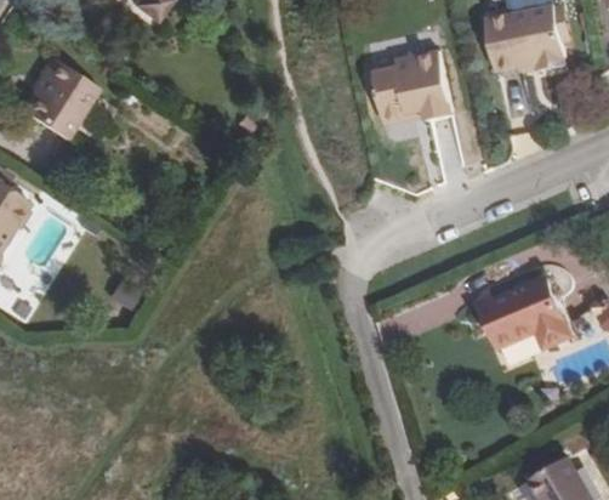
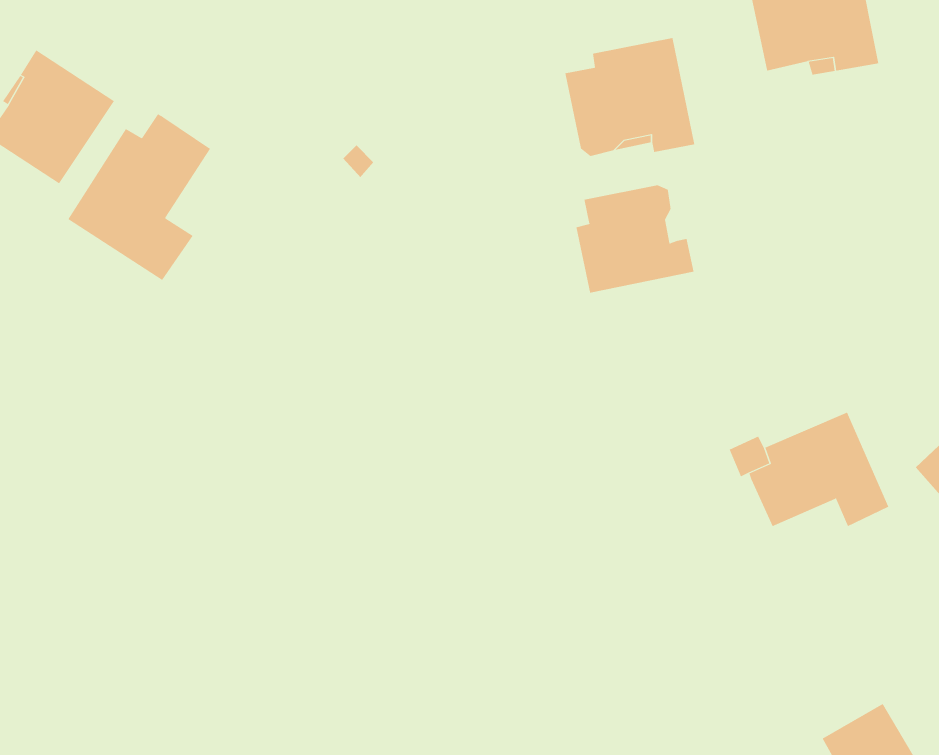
building: none -> [68,114,211,281]
building: none -> [576,184,694,293]

